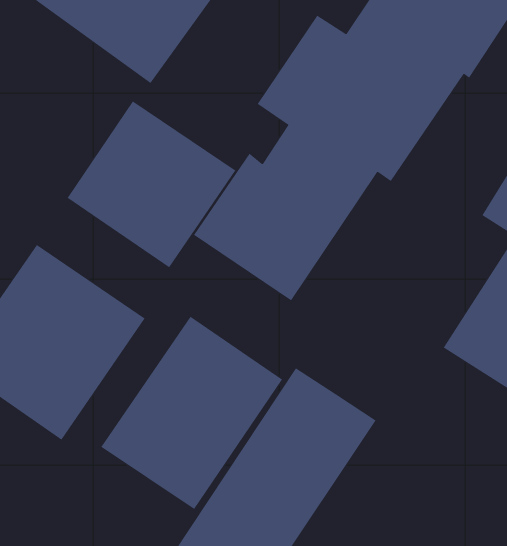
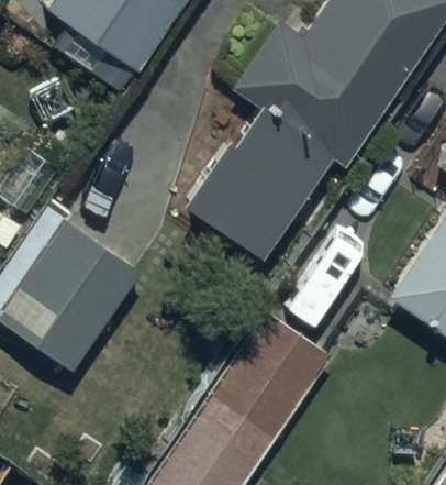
building: [67,100,236,268] -> none
building: [101,316,283,510] -> none

